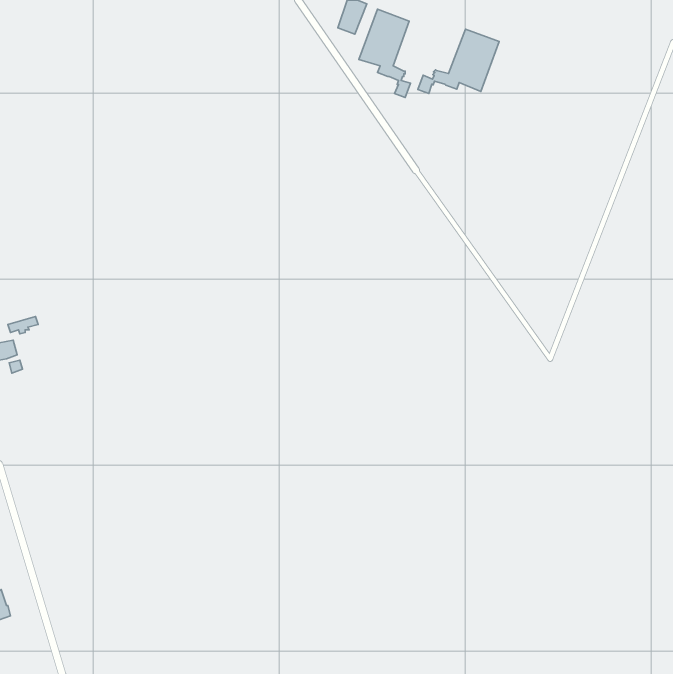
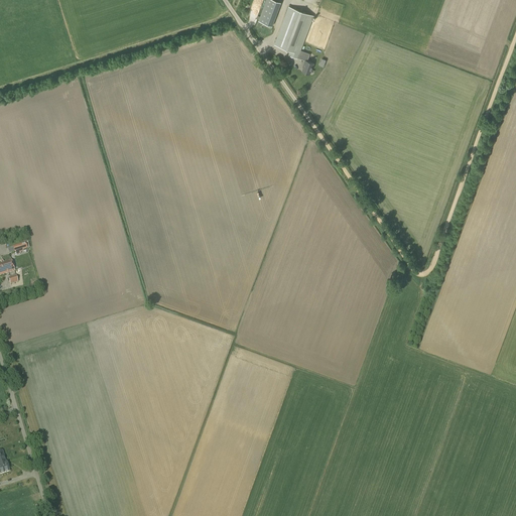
building: [418,29,499,94] -> none

